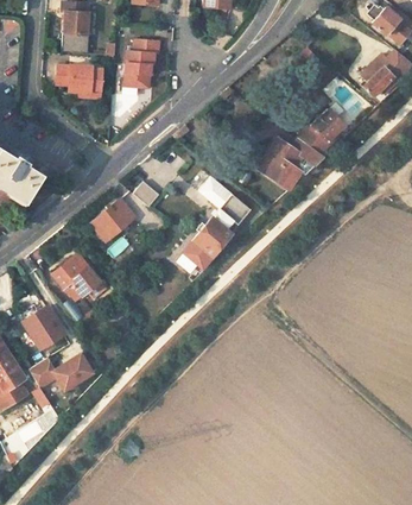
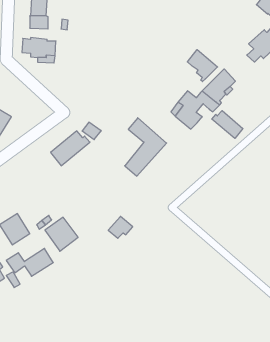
building: [118,39,151,87] -> none
building: none -> [187,50,218,82]
building: none -> [212,111,243,138]
building: [177,240,210,270] -> [108,216,133,238]
building: [53,254,99,301] -> [45,217,78,251]

